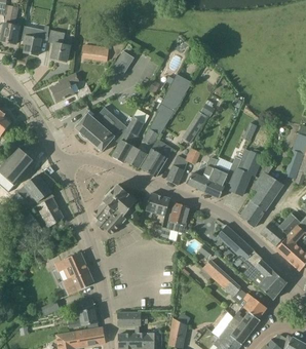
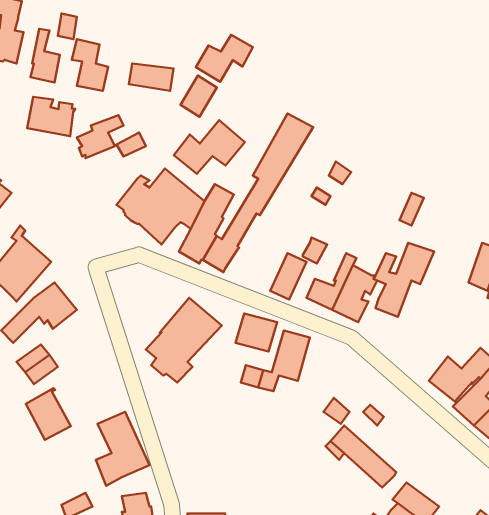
building: none -> [196,35,253,82]
building: none -> [27,97,75,136]
building: none -> [174,120,245,174]
building: [140,139,173,177] -> none
building: [240,164,283,227] -> none
building: [37,196,64,227] -> [26,388,71,440]
building: [218,225,285,300] -> none

